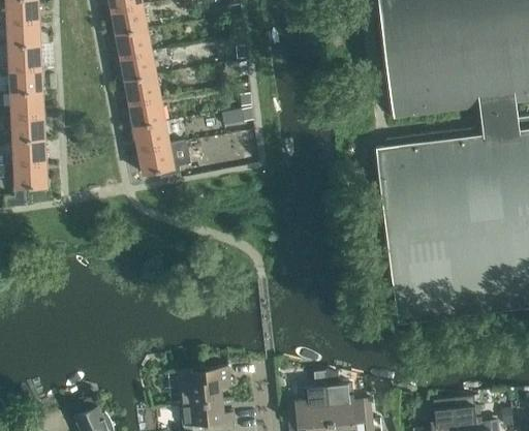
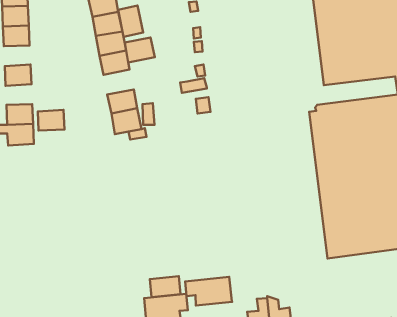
building: none -> [118,5,143,37]
building: [9,68,41,93] -> none
building: [129,97,165,127] -> [125,37,155,62]
building: [11,115,43,140] -> [38,110,64,130]
building: none -> [150,276,181,297]
building: none -> [185,277,232,306]

